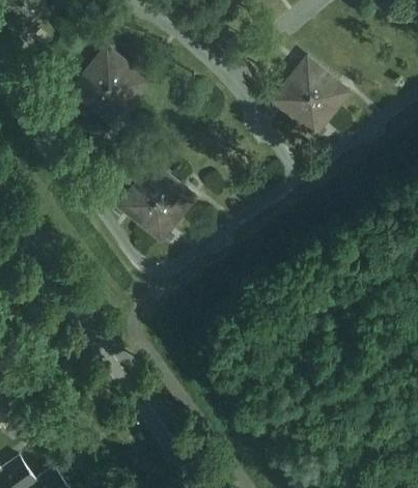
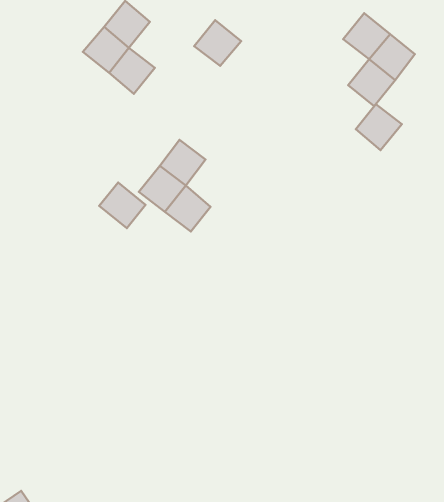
building: [109,64,148,103] -> [194,20,241,66]
building: [272,79,310,117] -> [356,104,402,150]
building: [157,179,195,219] -> none
building: none -> [99,183,145,228]

